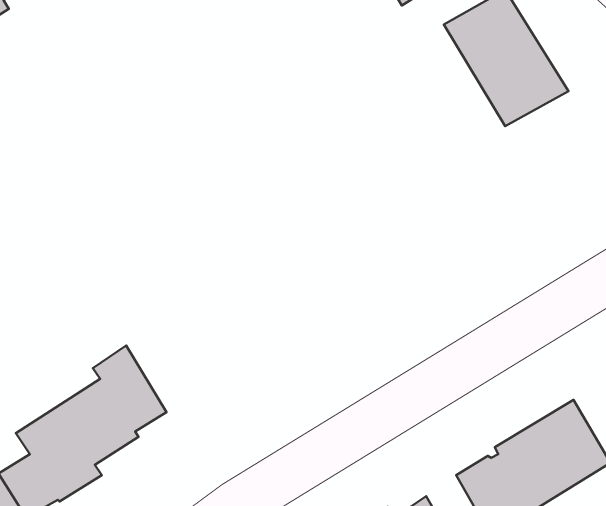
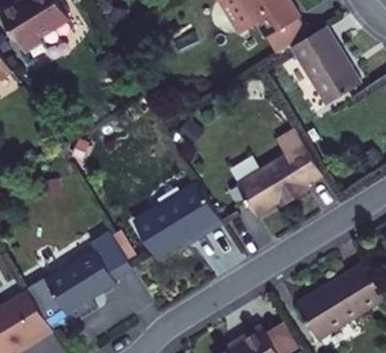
building: none -> [238,144,323,215]
building: none -> [133,180,222,255]

